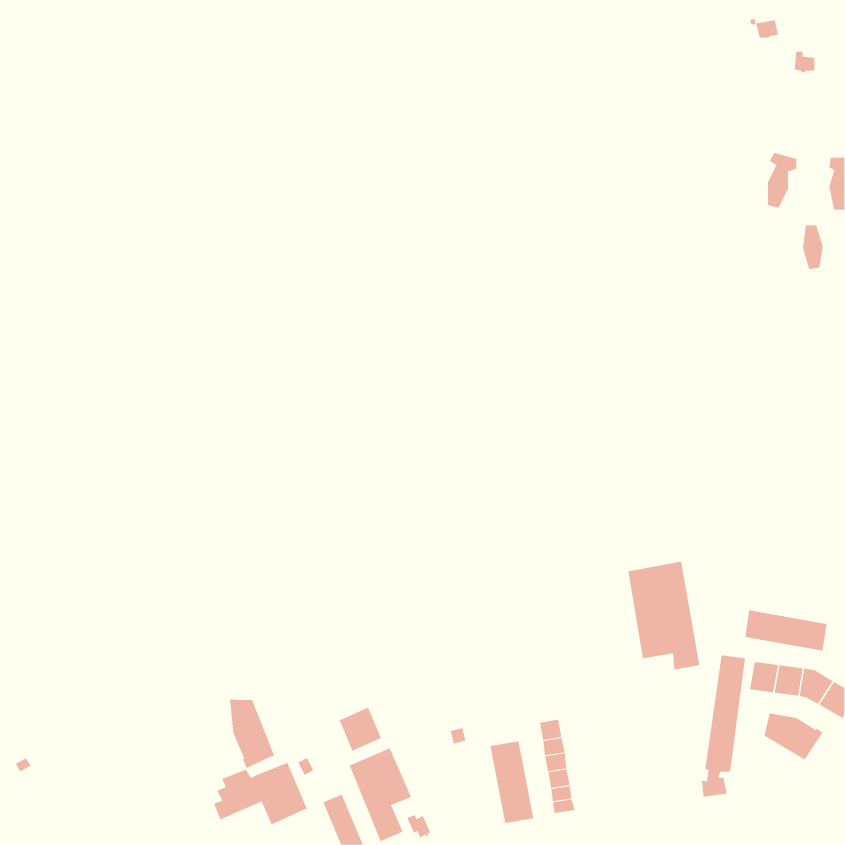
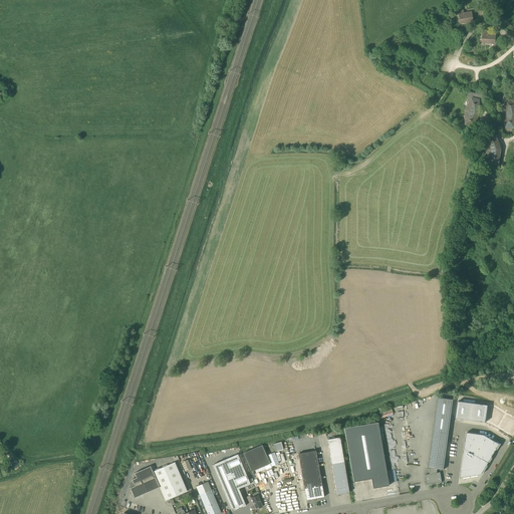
building: [627,561,700,670] -> [344,422,389,488]
building: [745,610,827,651] -> none
building: [229,698,275,769] -> none
building: [339,707,382,752] -> [243,445,269,472]
building: none -> [460,447,489,478]

